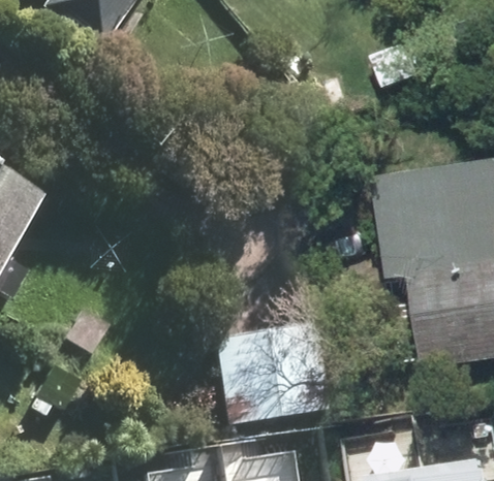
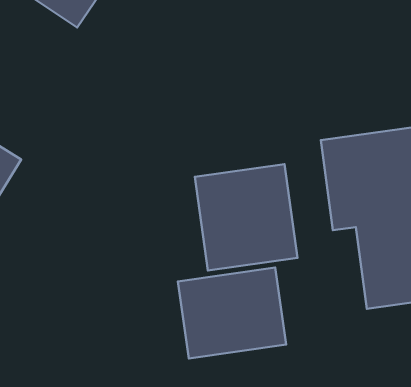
building: none -> [195,164,298,271]

